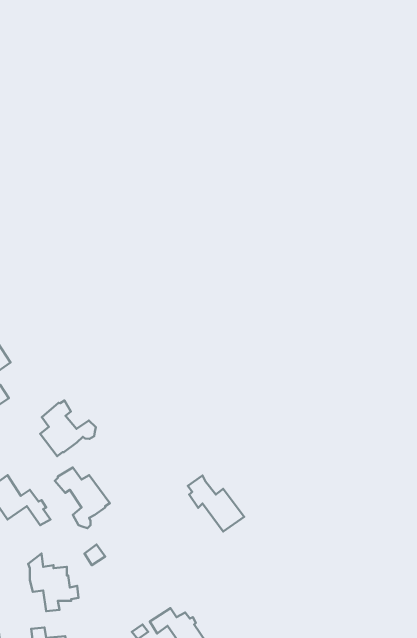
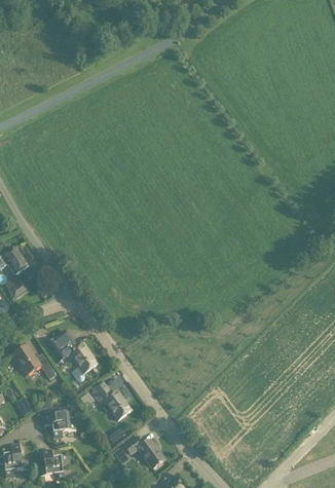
building: [40,400,96,456] -> none
building: [188,475,244,532] -> [91,381,131,420]

